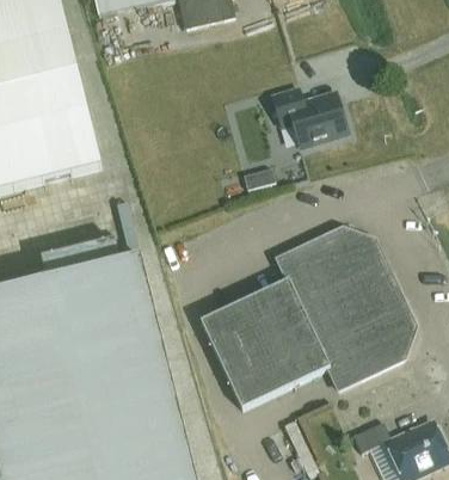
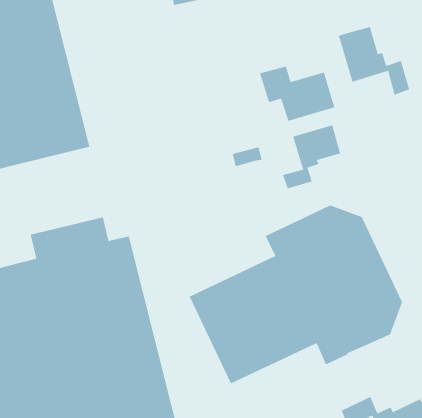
building: none -> [338,26,410,96]
building: none -> [282,124,341,189]

